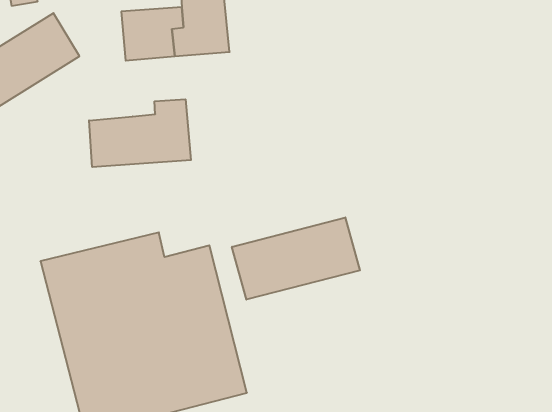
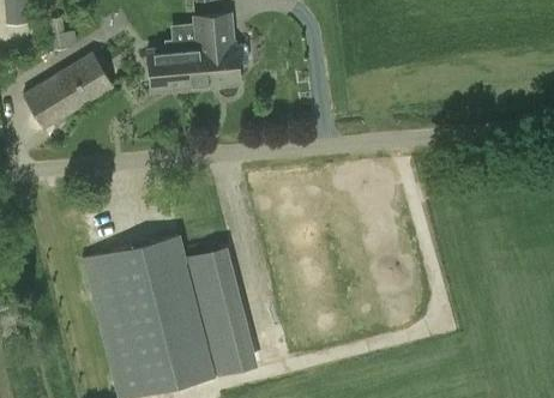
building: [89,99,191,167] -> none
building: [232,217,360,300] -> none

